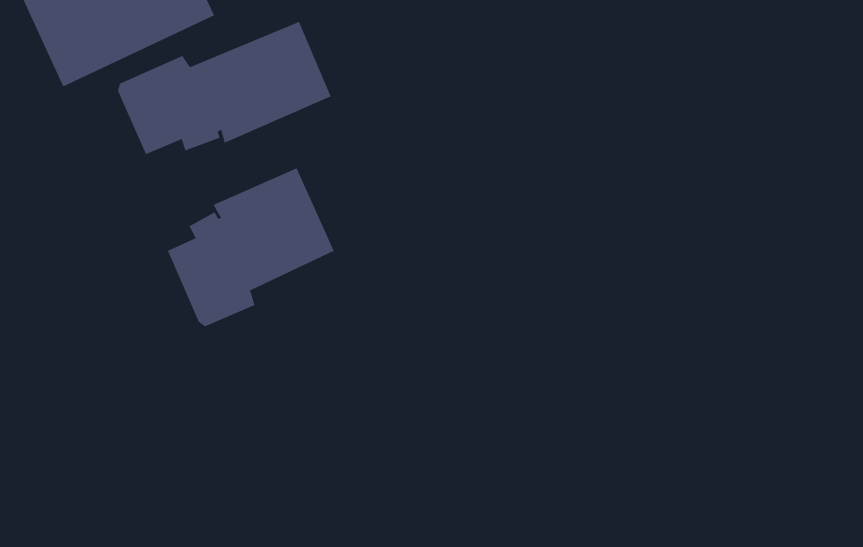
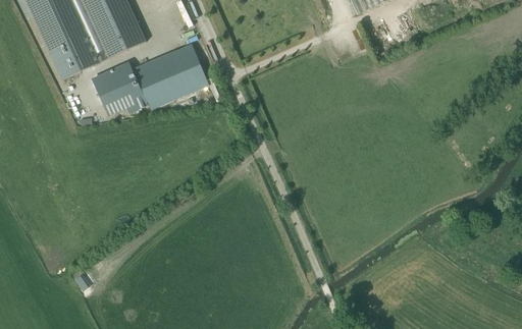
building: [167,167,334,327] -> none

